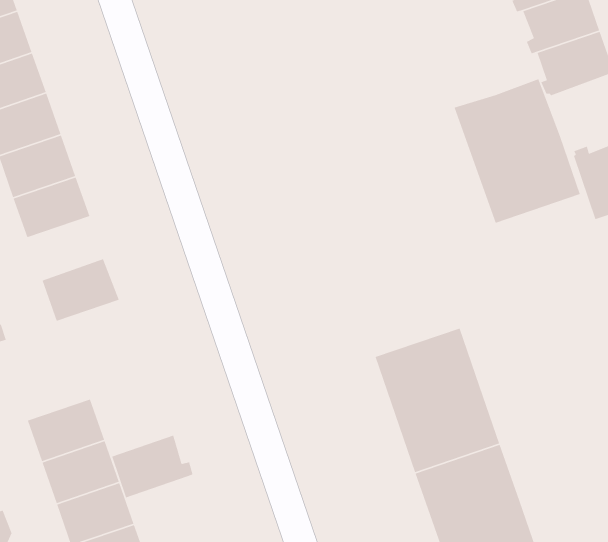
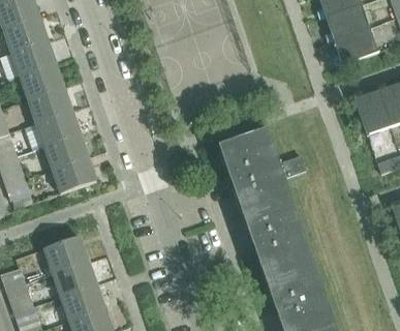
building: [453,78,581,224] -> [218,129,290,212]
building: none -> [44,132,88,169]
building: [111,435,194,498] -> none

